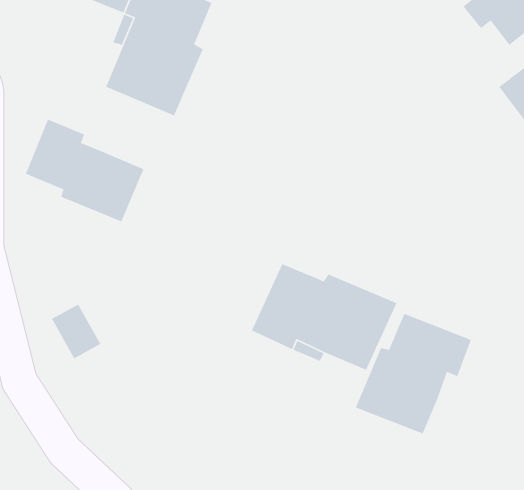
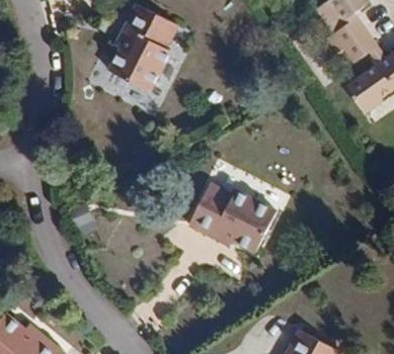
building: [25,118,144,223] -> none
building: [355,313,472,434] -> none

